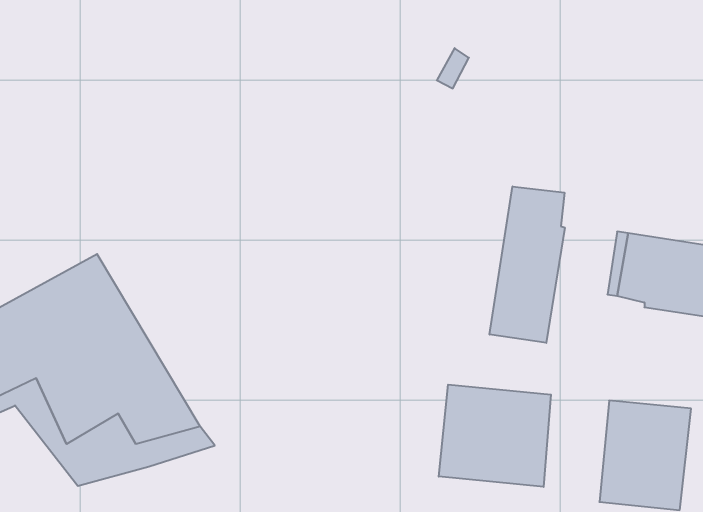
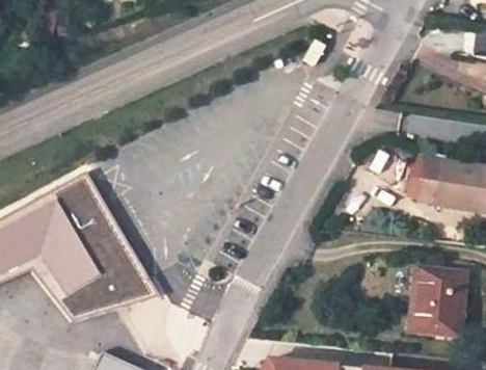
building: [490,186,565,343] -> none
building: [439,385,551,487] -> none

